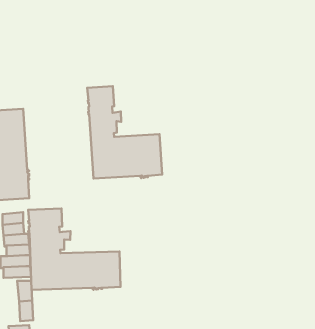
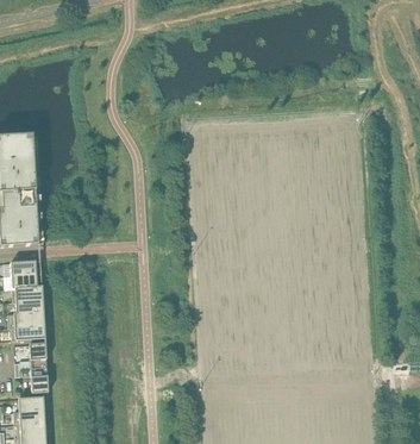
building: [87,86,162,179] -> none
building: [28,209,121,290] -> none

